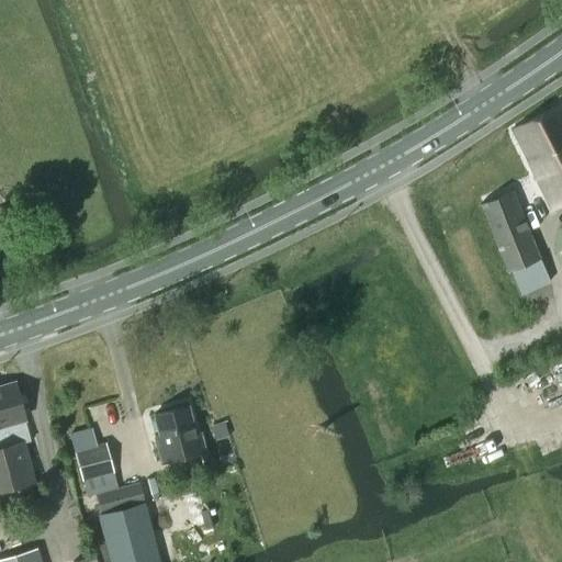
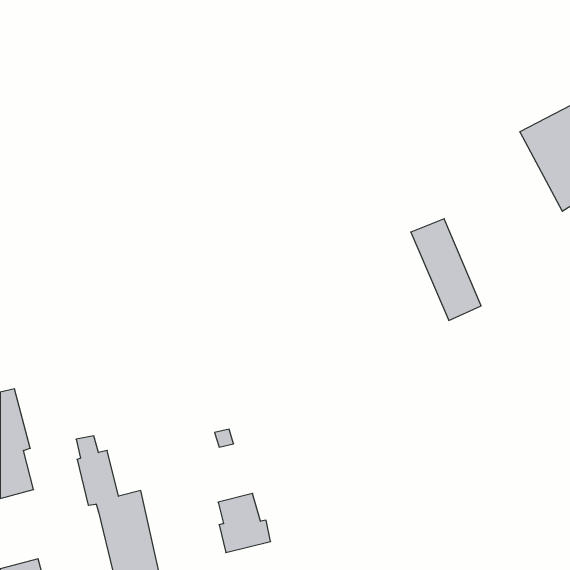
building: [480,192,549,292] -> [411,219,481,320]
building: [155,406,206,464] -> [218,493,271,553]

